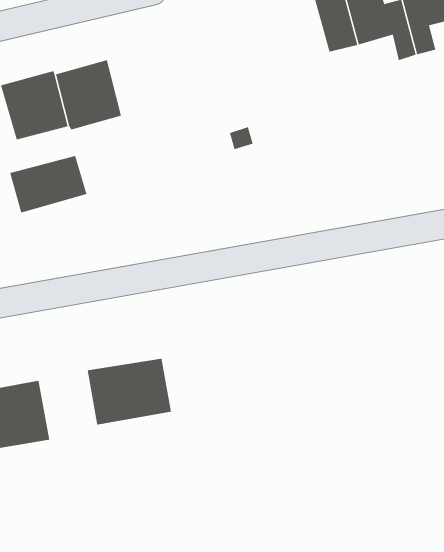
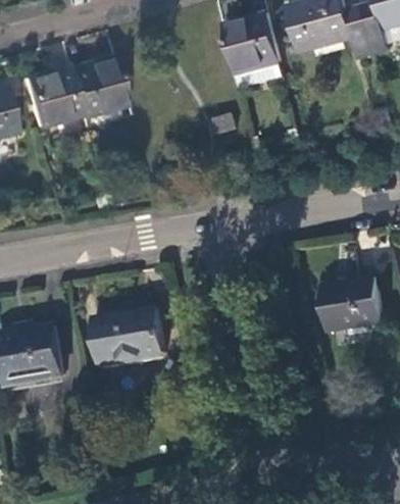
building: none -> [221,13,284,88]
building: [10,155,87,213] -> none
building: none -> [321,278,383,332]

